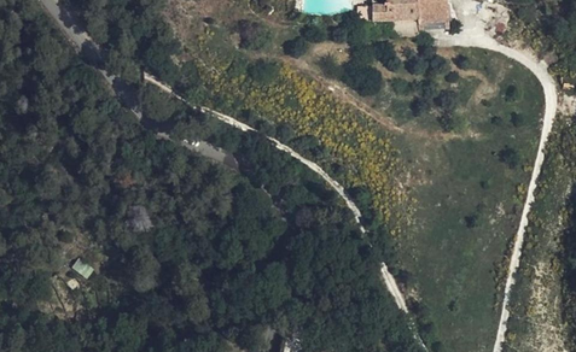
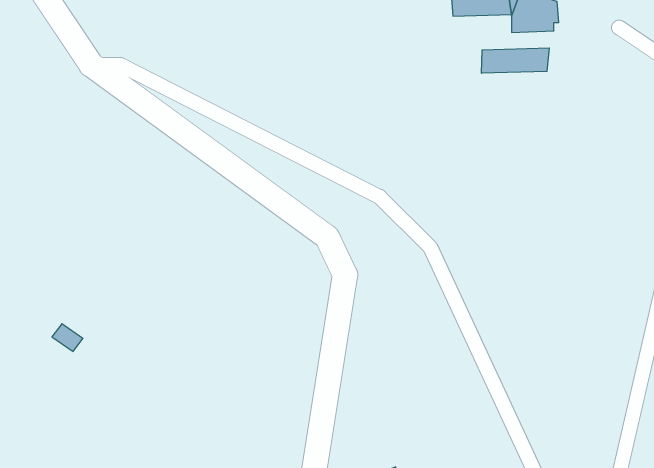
building: none -> [482,48,549,73]

